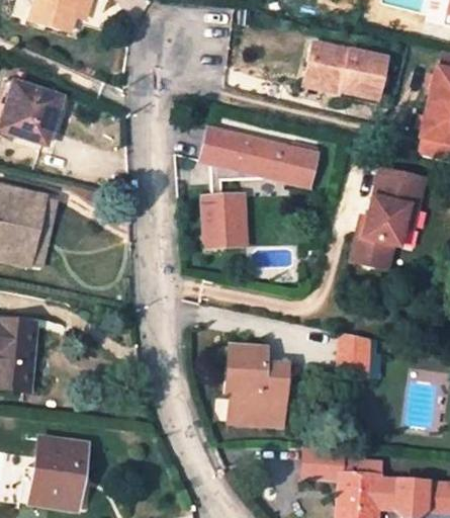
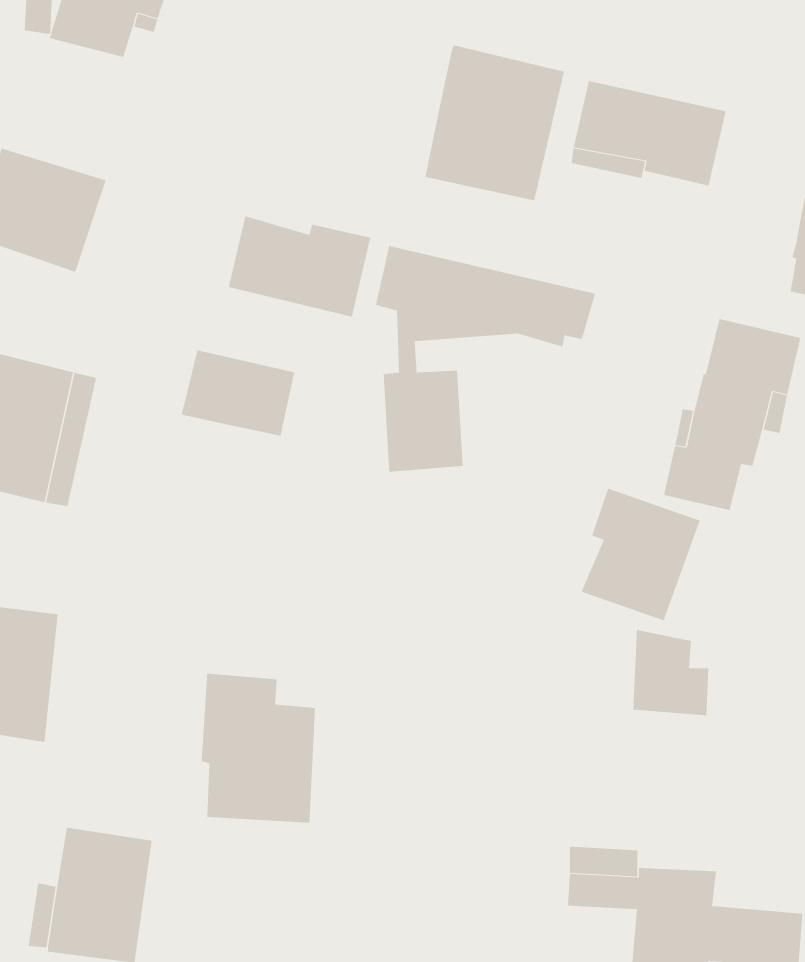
building: none -> [425,44,564,201]
building: none -> [228,215,371,317]
building: none -> [181,349,295,437]
building: none -> [581,488,701,621]
building: [227,345,287,424] -> [201,673,316,823]

